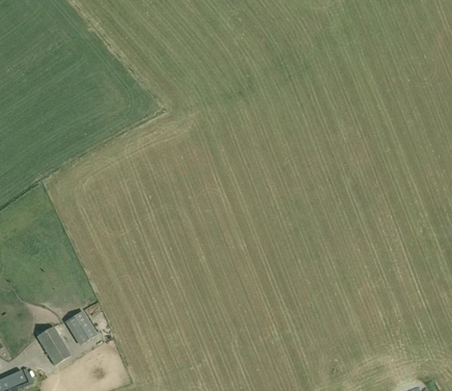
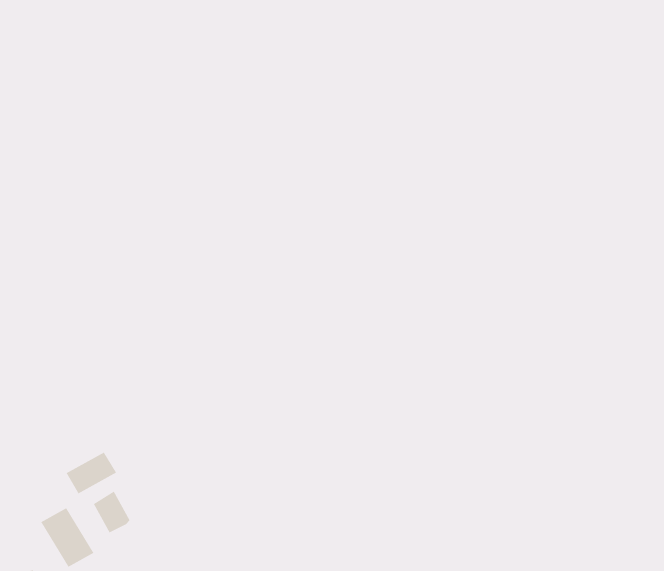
building: none -> [65,451,117,494]

